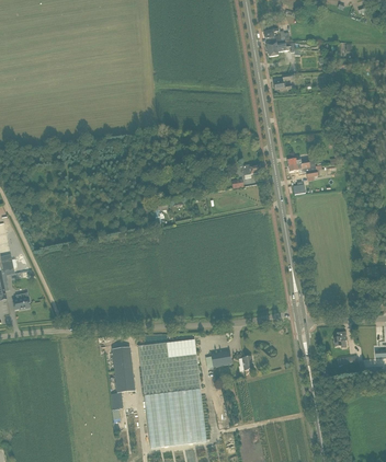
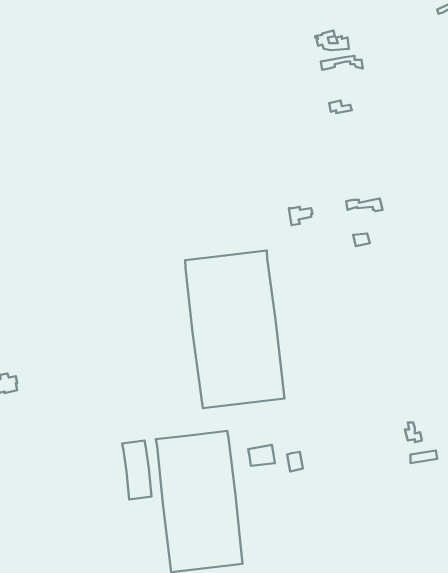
building: none -> [185,251,285,408]

